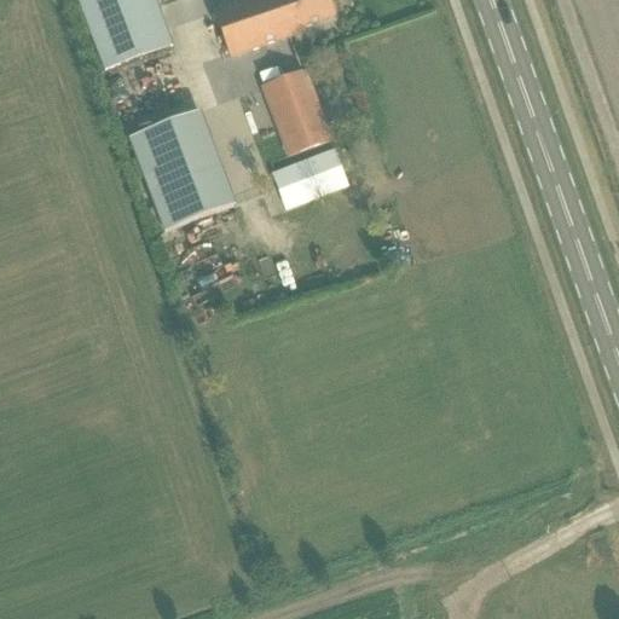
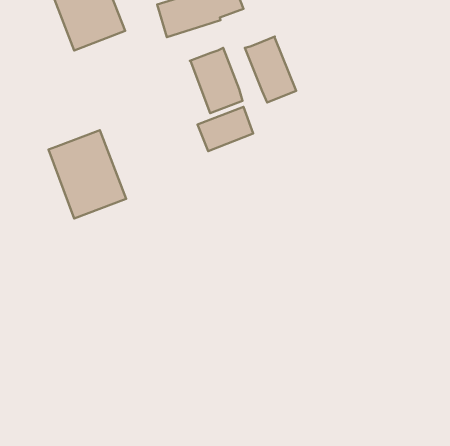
building: none -> [245,36,296,103]
building: [129,108,236,228] -> [49,130,126,218]

